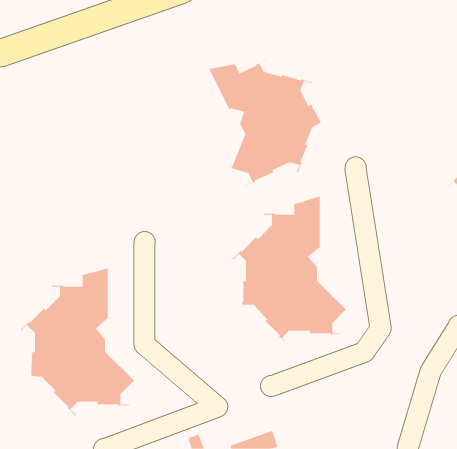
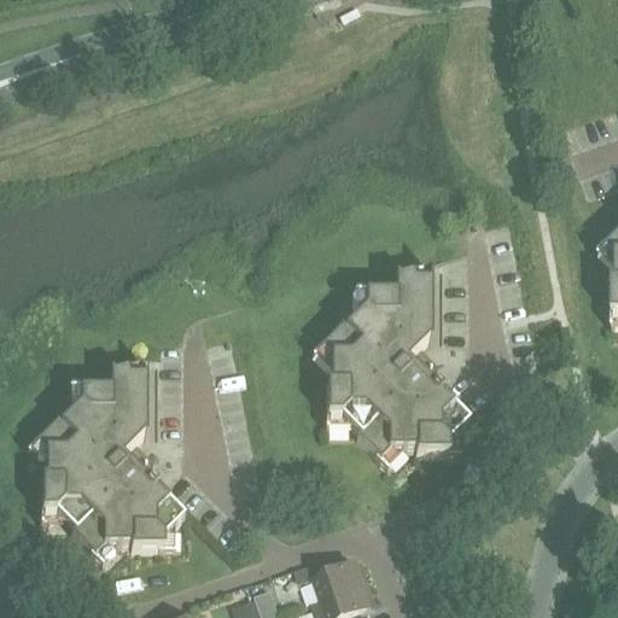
building: [208,59,325,187] -> none
building: none -> [311,554,369,597]

